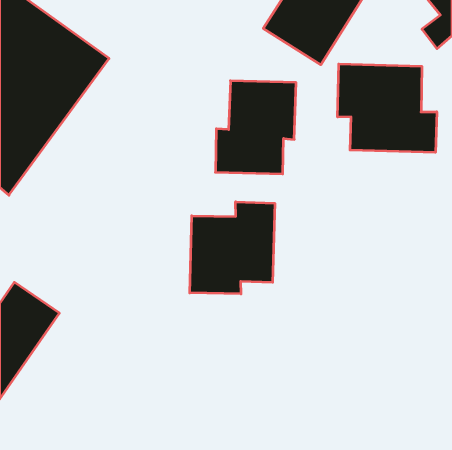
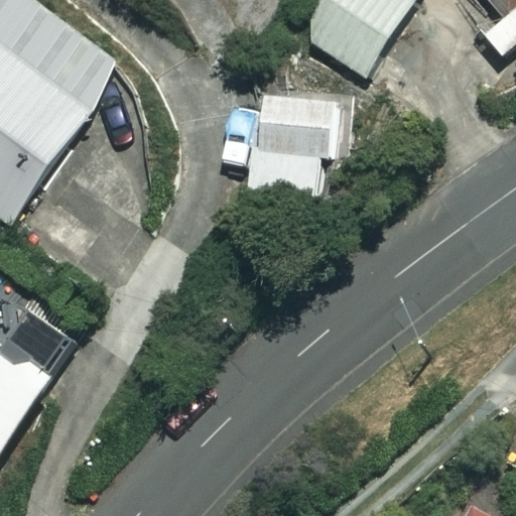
building: [338,64,437,152] -> none
building: [190,202,275,294] -> none

